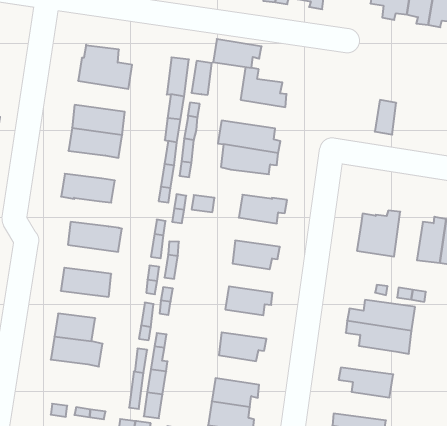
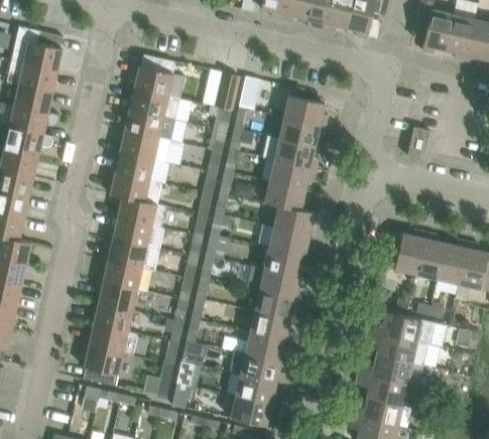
building: [213,39,262,68] -> [278,117,325,146]
building: none -> [128,88,179,120]
building: none -> [114,152,153,180]
building: none -> [264,181,308,211]
building: none -> [116,196,165,228]
building: none -> [415,233,445,279]
building: none -> [268,227,312,257]
building: none -> [107,240,158,271]
building: none -> [245,266,302,299]
building: none -> [98,282,136,310]
building: none -> [249,311,292,341]
building: none -> [358,354,410,384]
building: none -> [227,350,283,384]
building: none -> [83,345,122,387]
building: none -> [348,397,401,426]

